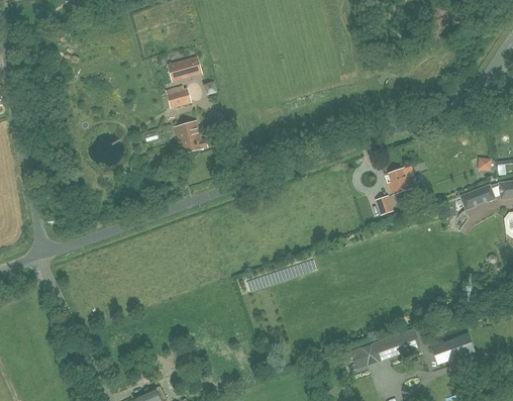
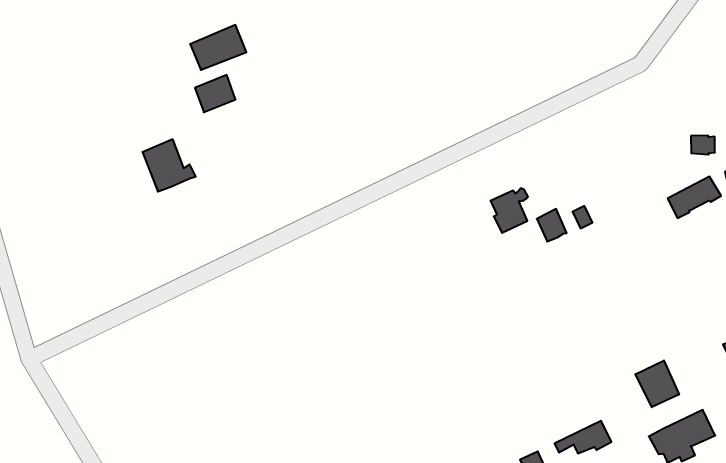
building: [176,120,208,153] -> [142,139,196,192]
building: [389,166,413,193] -> [490,188,528,233]
building: none -> [635,360,679,407]

